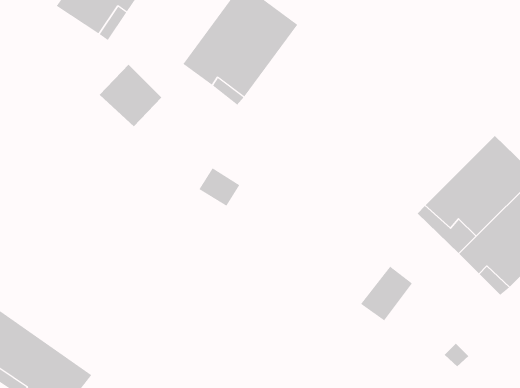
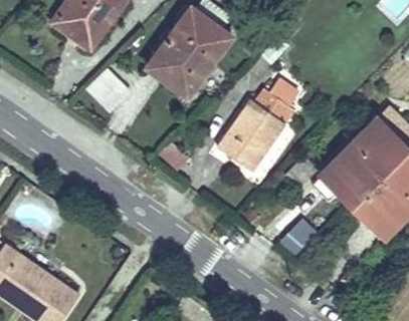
building: none -> [217,90,293,172]

